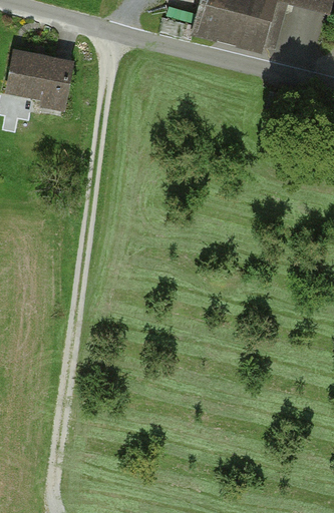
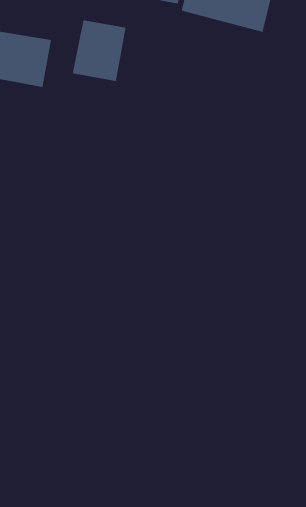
building: none -> [72,19,126,82]

